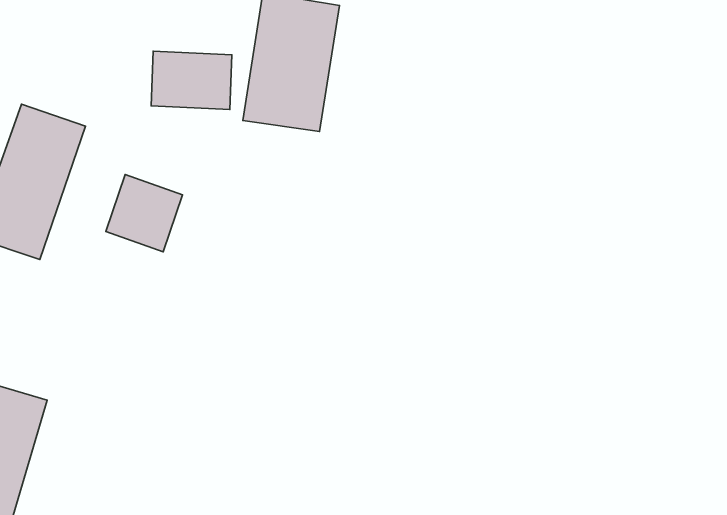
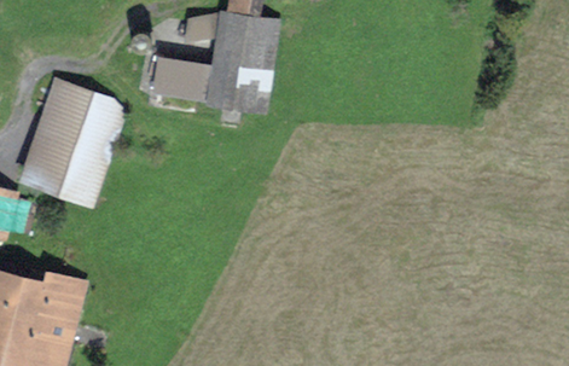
building: [106,175,183,252] -> none

